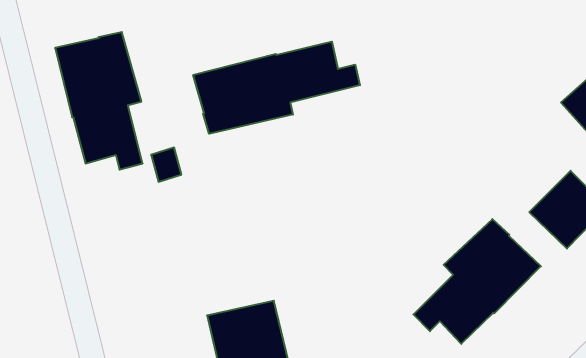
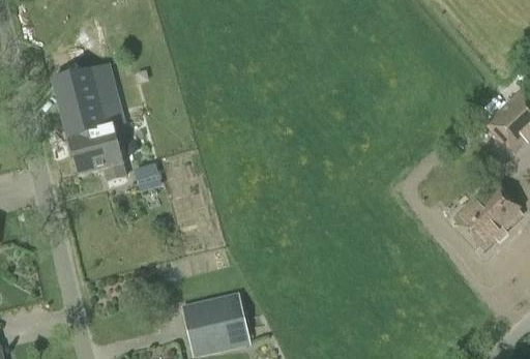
building: [193,42,360,134] -> none
building: [413,219,541,344] -> none

